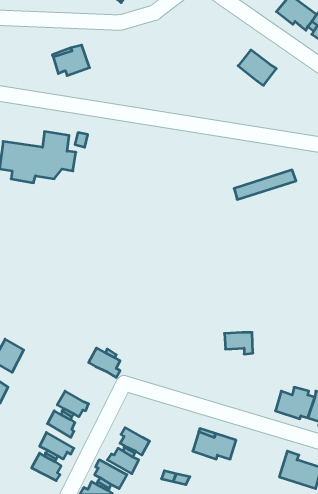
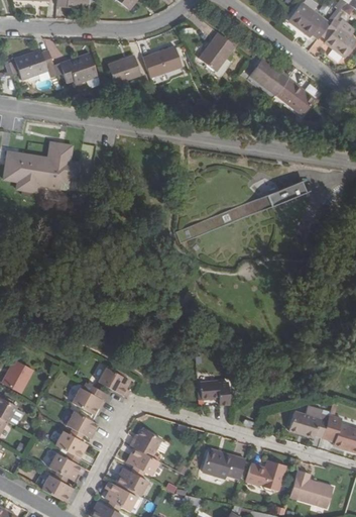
building: none -> [198,32,233,70]
building: none -> [142,45,182,78]
building: none -> [12,48,51,79]
building: none -> [107,56,140,84]
building: none -> [275,78,315,115]
building: [224,332,253,354] -> [201,380,230,402]
building: none -> [69,381,106,412]
building: none -> [129,427,161,456]
building: none -> [247,460,287,494]

